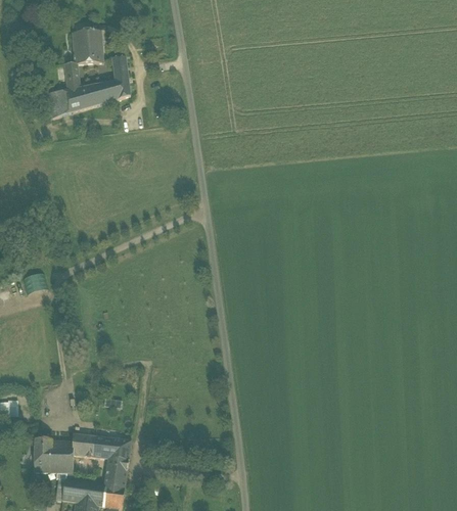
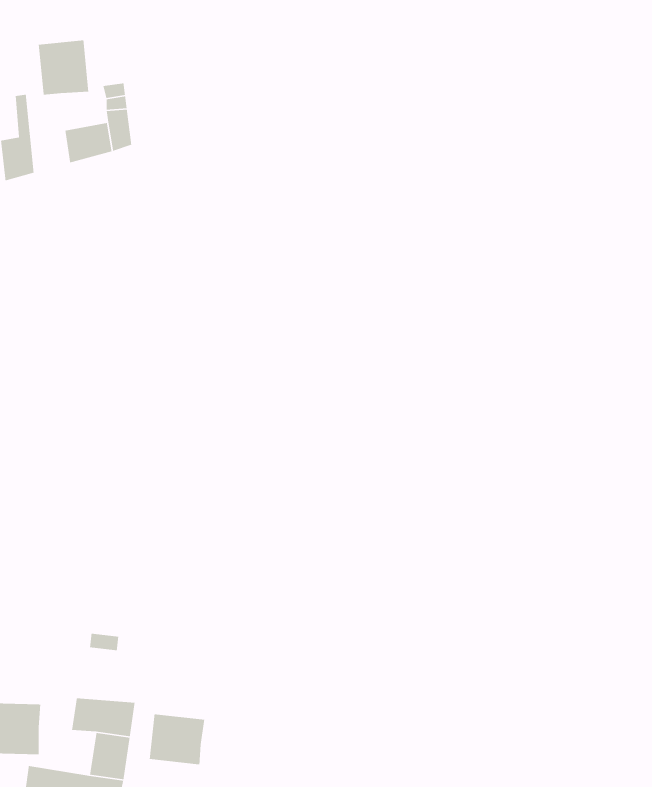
building: [63,63,90,112] -> none
building: [72,433,94,457] -> none
building: none -> [149,714,205,765]

